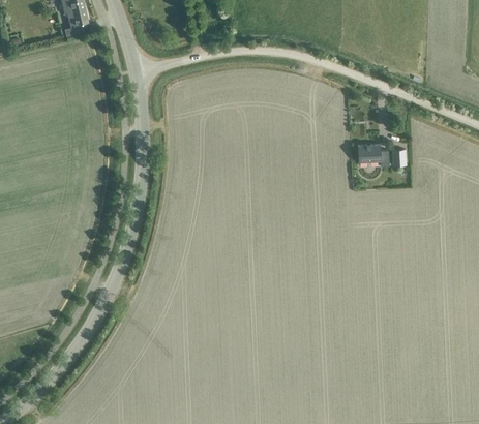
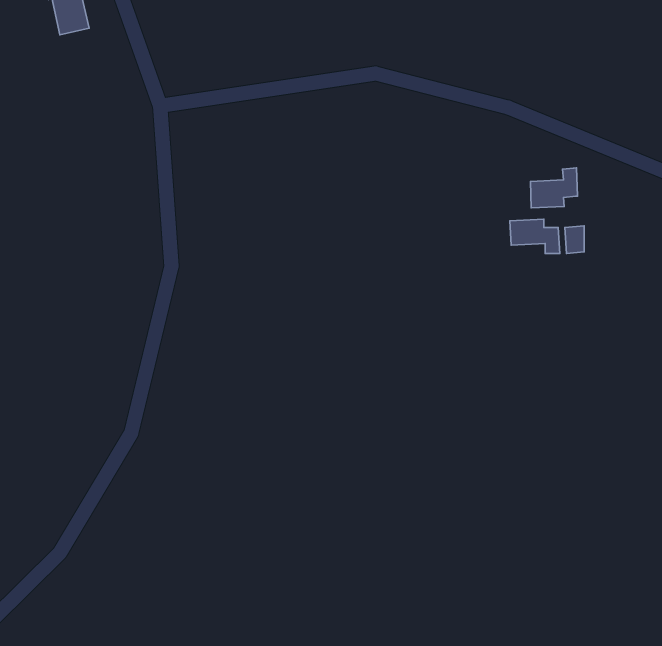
building: none -> [530,168,577,208]

